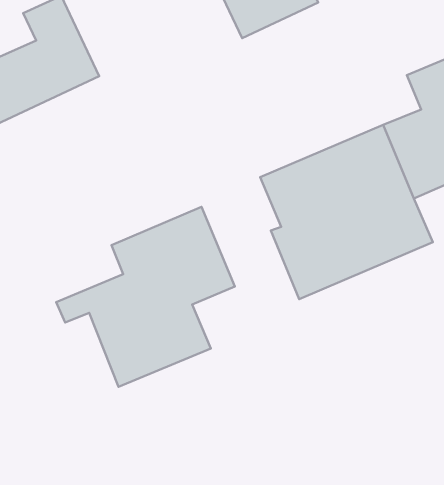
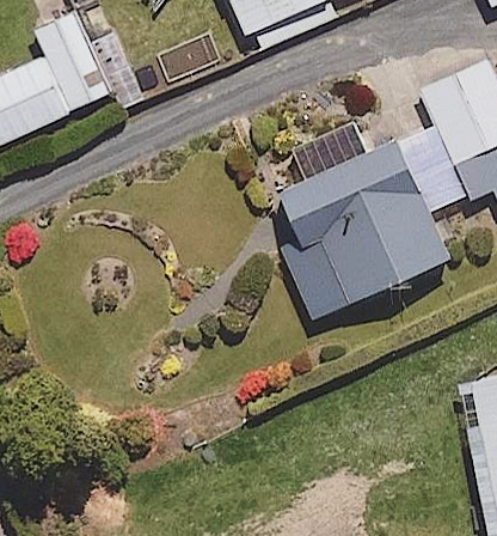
building: [56,207,235,387] -> none

